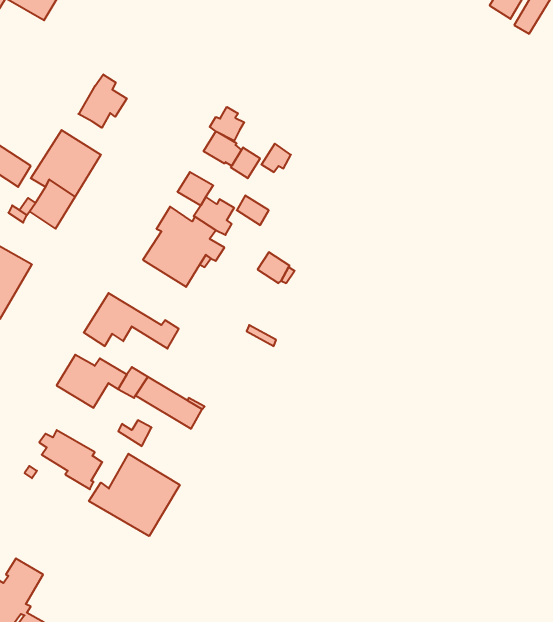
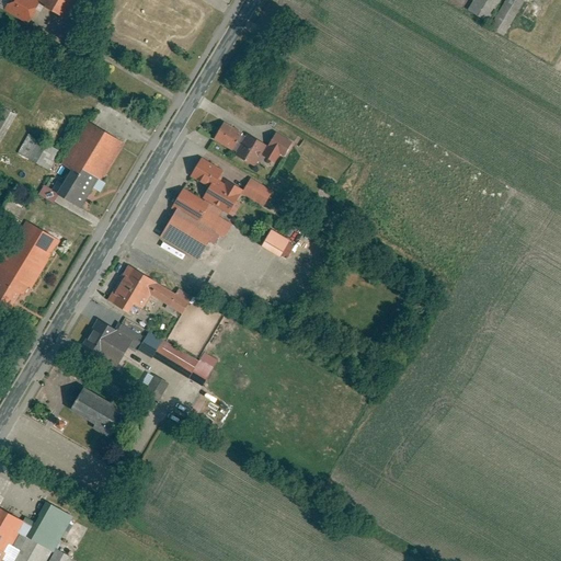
building: [78,74,127,128] -> none
building: [210,107,244,141] -> none
building: [89,454,180,536] -> none

